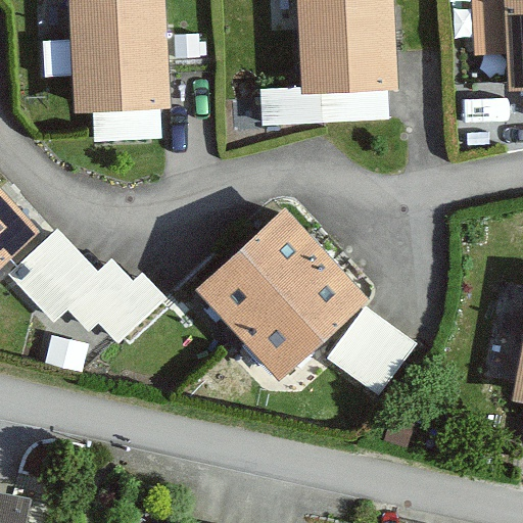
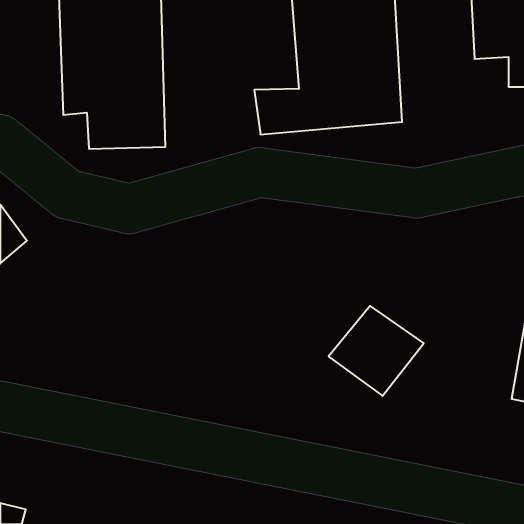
building: [192,210,362,369] -> none
building: [11,224,172,339] -> none

